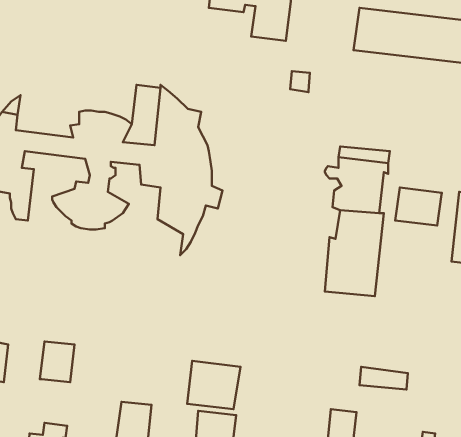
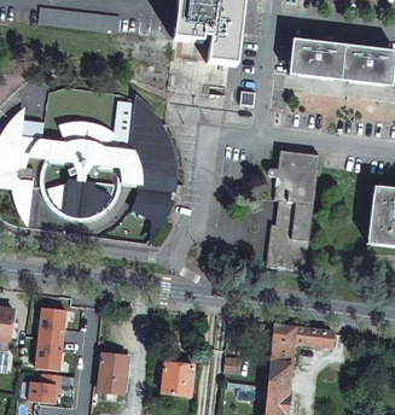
building: [395,188,442,226] -> none
building: [187,361,241,409] -> none
building: none -> [272,323,296,362]
building: none -> [36,335,63,368]

